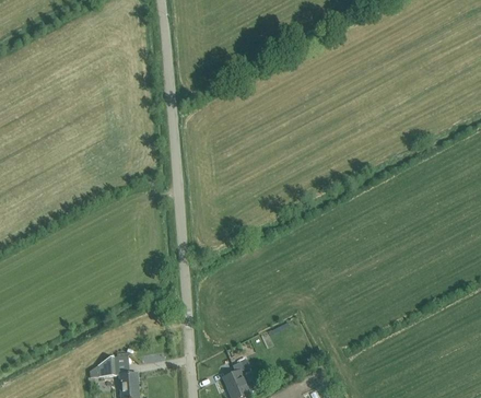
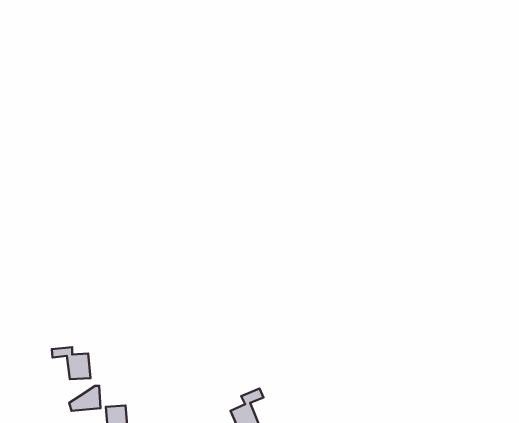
building: none -> [52,347,91,379]

